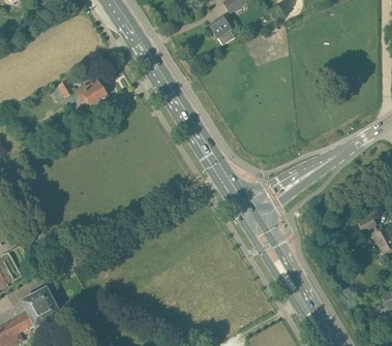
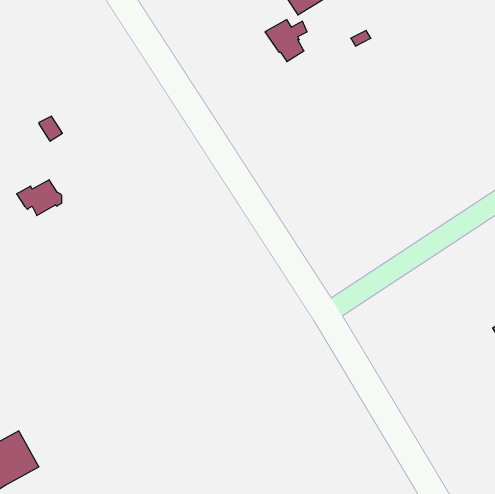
building: [76,80,105,103] -> [17,180,62,216]

